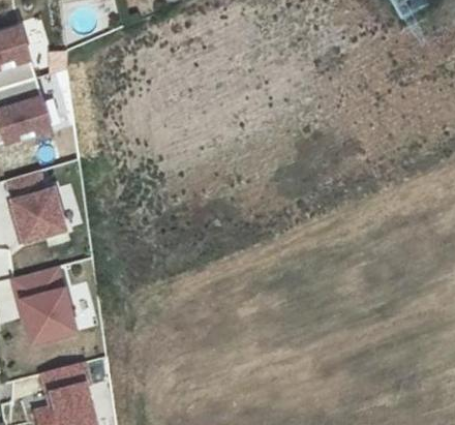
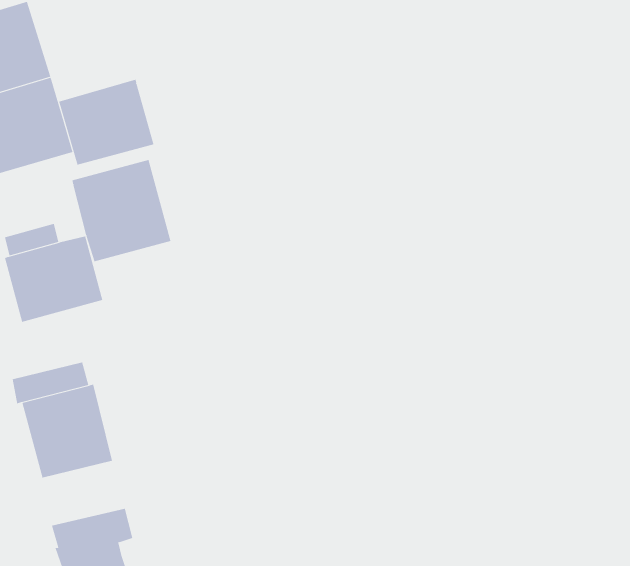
building: none -> [58,79,154,166]
building: none -> [72,159,171,262]

